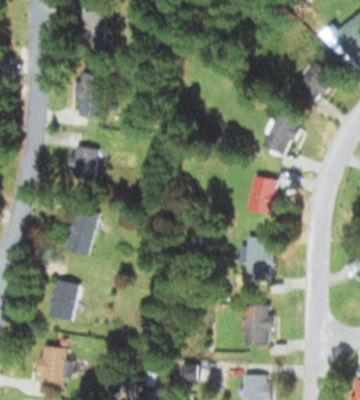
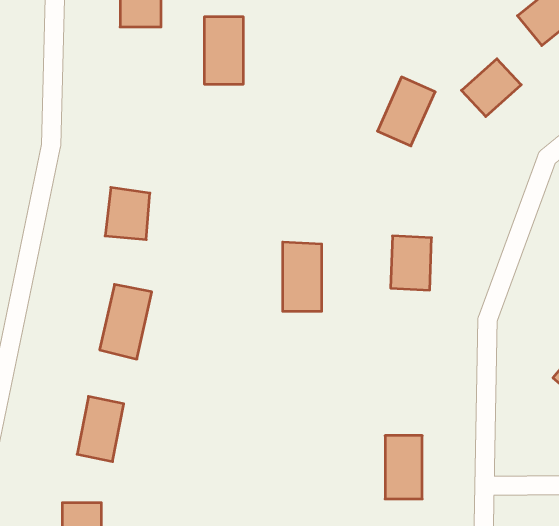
building: [79,73,104,116] -> [204,17,243,84]
building: [262,112,299,156] -> [377,77,435,146]
building: [249,236,274,281] -> [283,242,322,311]

